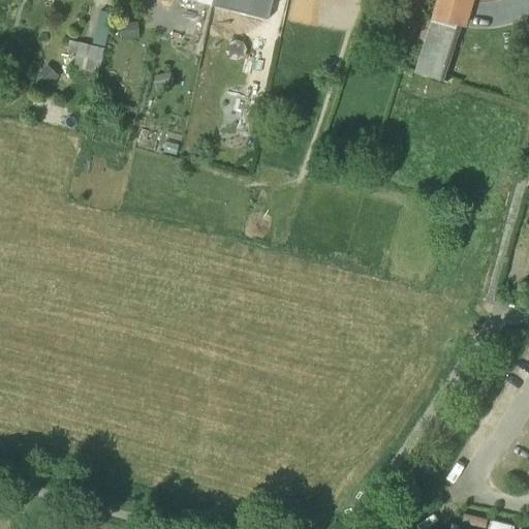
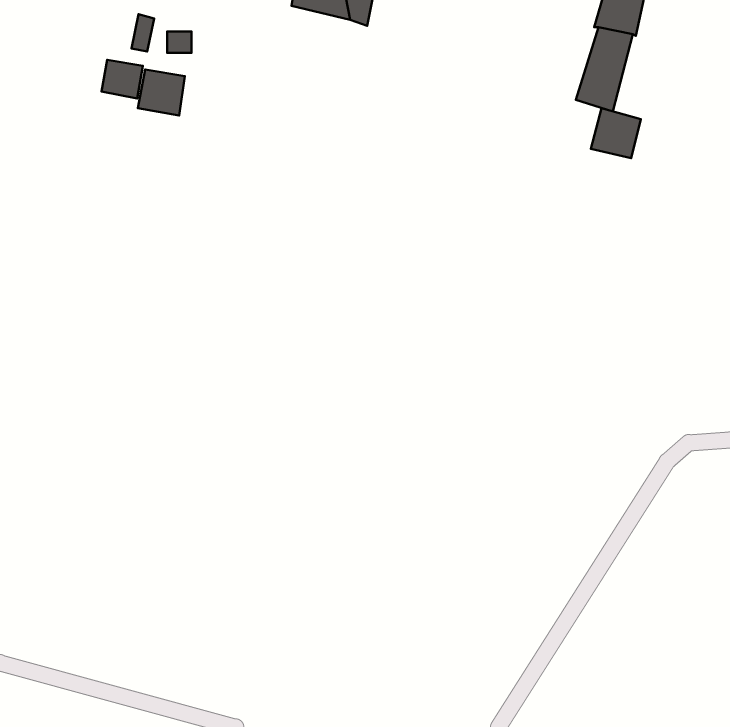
building: none -> [138,70,185,115]
building: none -> [591,108,641,158]

